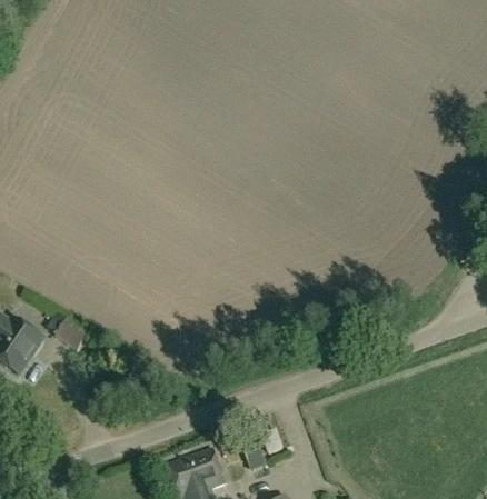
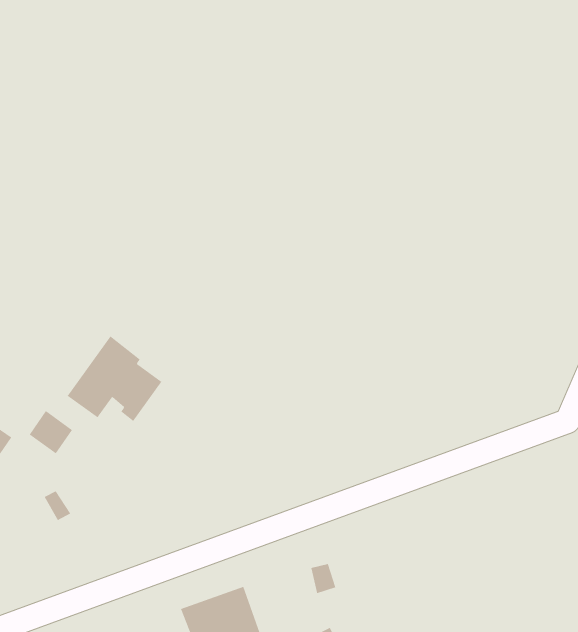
building: none -> [67,336,162,422]

